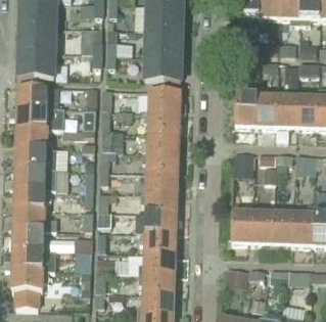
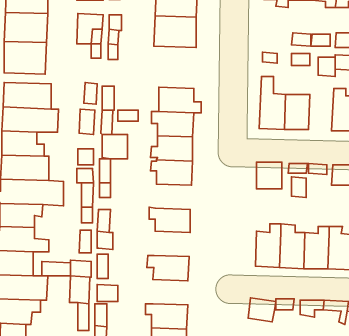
building: [144,55,181,82] -> none
building: [276,90,297,127] -> none
building: [141,172,177,193] -> none
building: [135,212,176,233] -> none
building: [128,252,174,274] -> none

